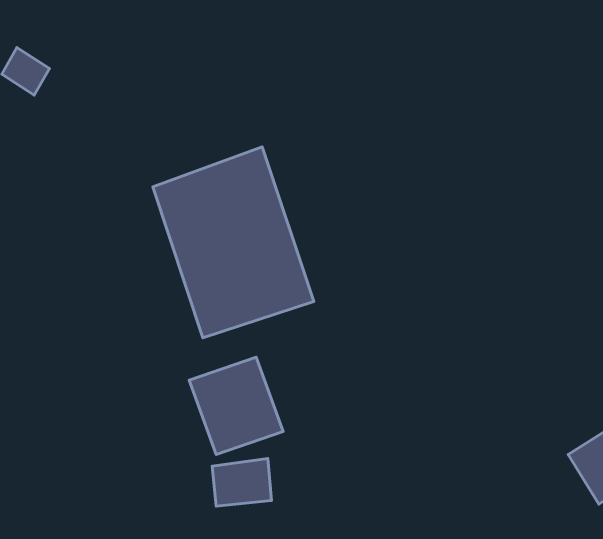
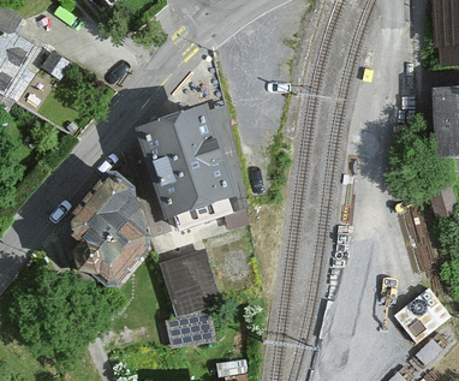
building: none -> [74,187,142,288]

